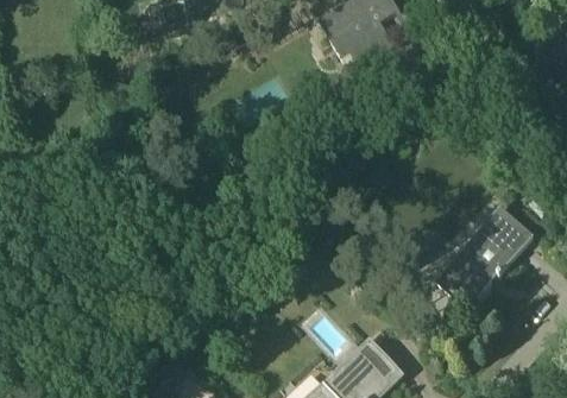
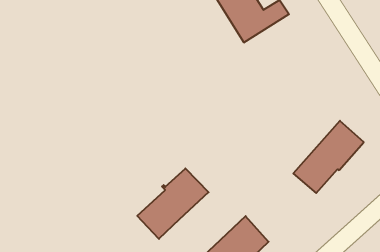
building: none -> [137,168,209,239]

